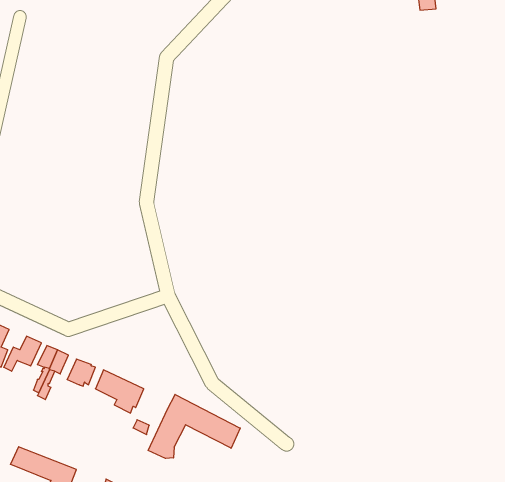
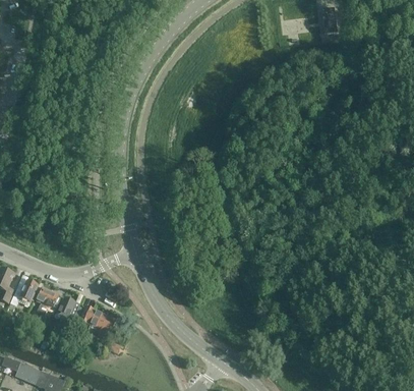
building: [148,394,240,458] -> none

